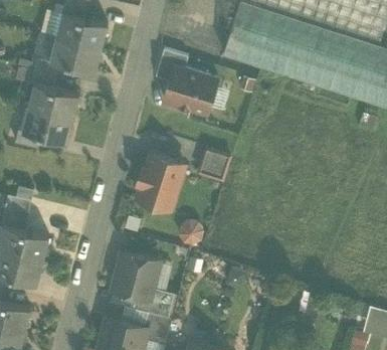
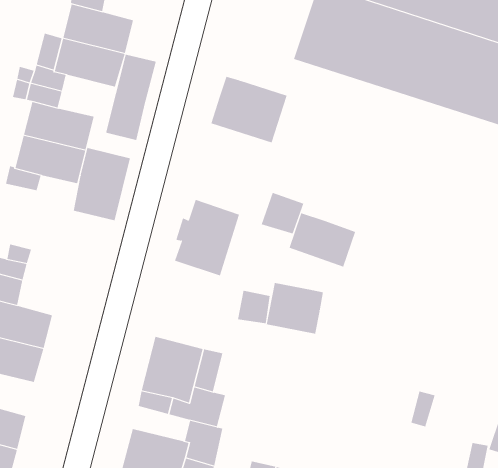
building: none -> [105,54,156,141]
building: [155,49,187,80] -> none
building: none -> [73,147,130,221]
building: none -> [289,213,356,267]
building: none -> [266,282,324,334]

